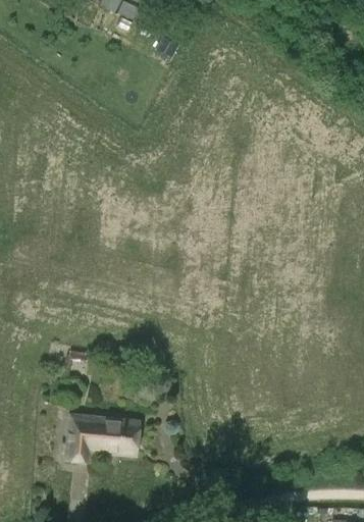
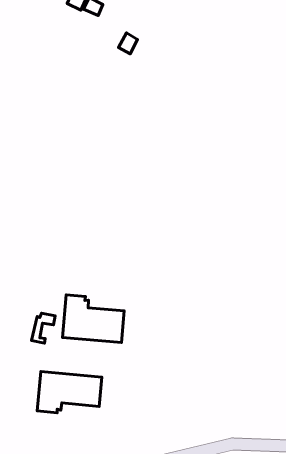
building: none -> [63,295,124,343]

